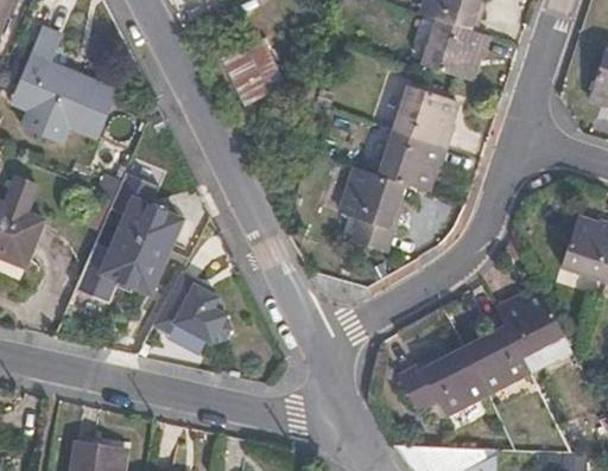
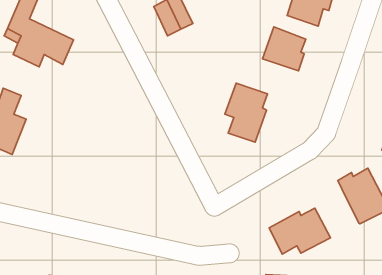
building: [375,131,442,190] -> none
building: [74,173,182,304] -> none
building: [152,272,229,343] -> none
building: [466,319,530,390] -> none

